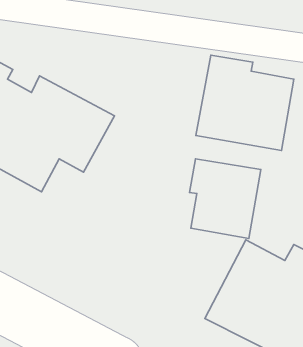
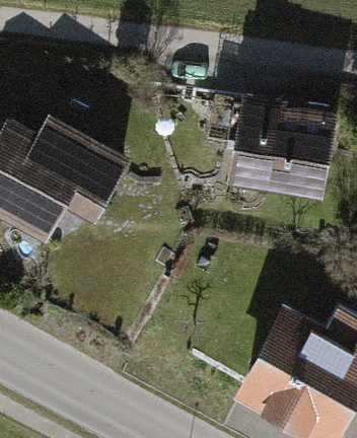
building: [189,159,261,238] -> none

